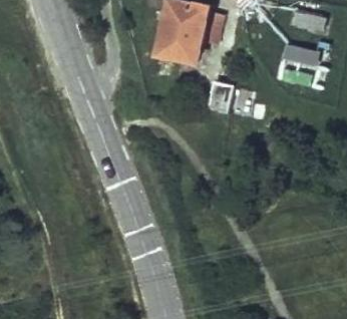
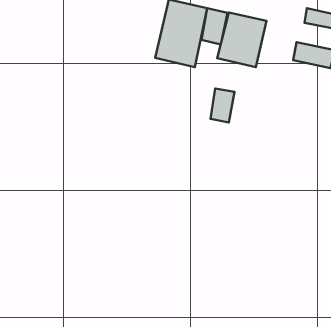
building: none -> [217,12,266,67]

